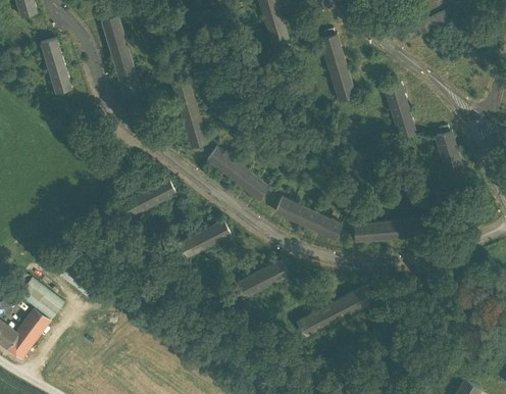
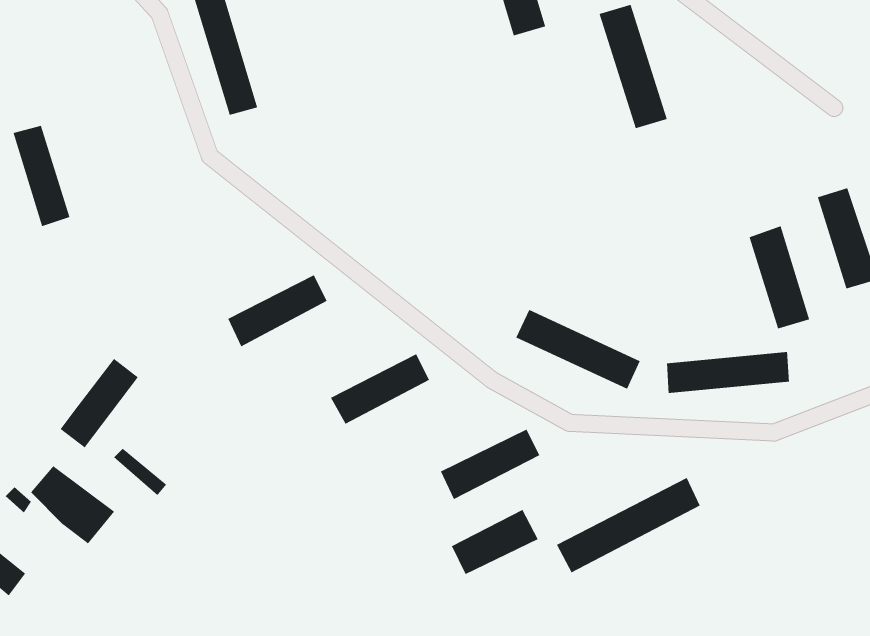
building: [41,39,71,93] -> [13,125,71,227]
building: [172,80,207,147] -> none
building: [384,83,416,138] -> [748,225,810,329]
building: [207,146,269,199] -> none
building: none -> [451,509,539,575]
building: [8,310,50,358] -> [60,358,139,449]

